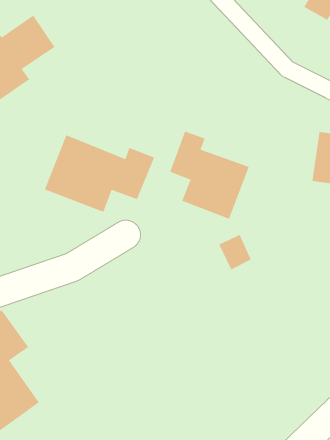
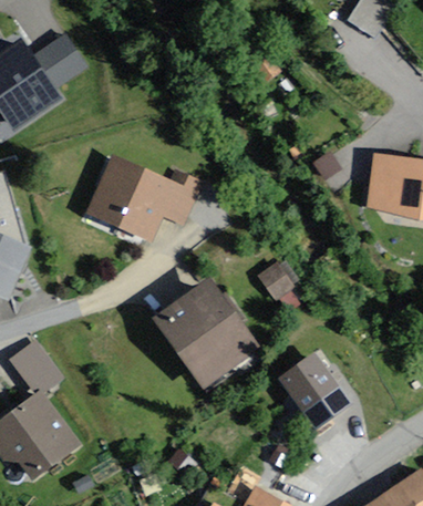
building: [169,130,250,220] -> none
building: none -> [144,278,254,391]
building: none -> [289,341,341,402]

